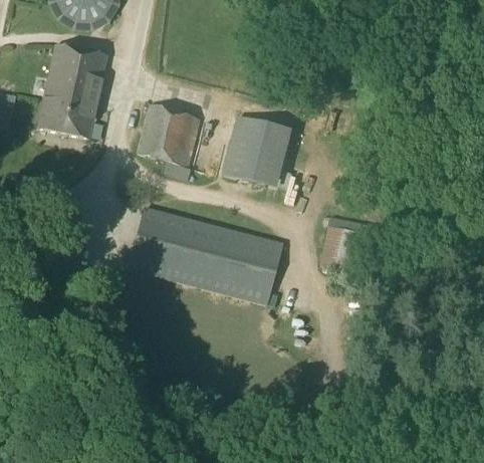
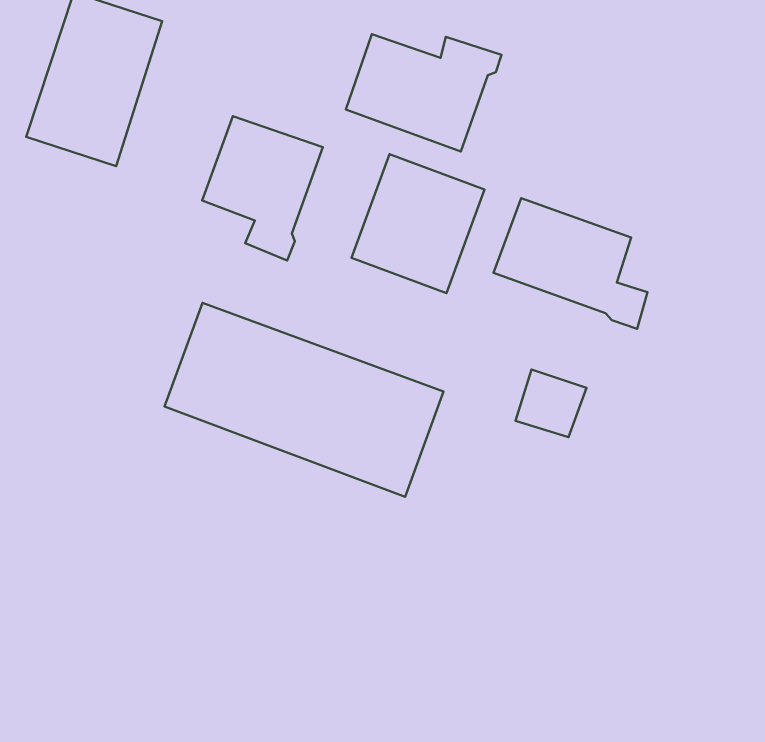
building: none -> [346,34,501,152]
building: none -> [494,198,647,329]

